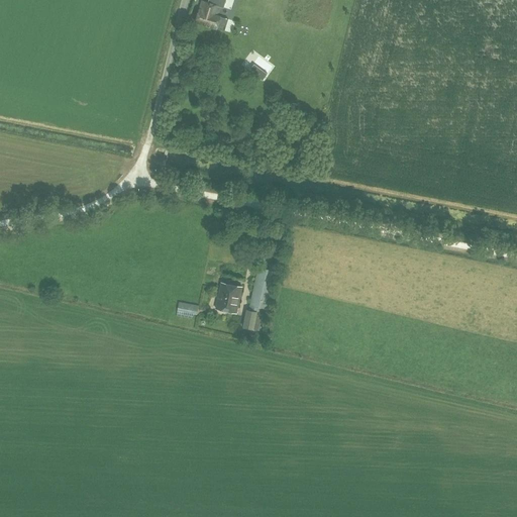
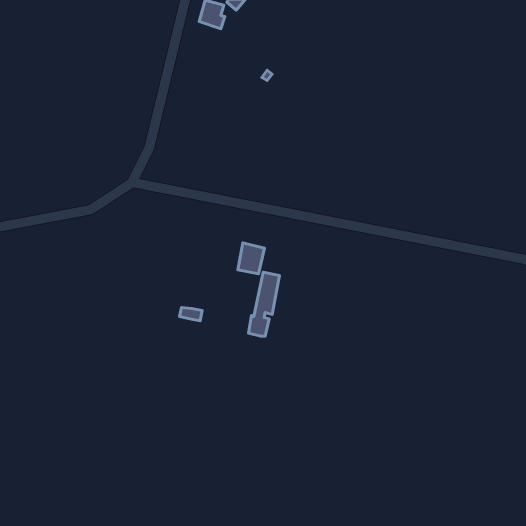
building: [215,281,241,311] -> [238,243,265,274]

